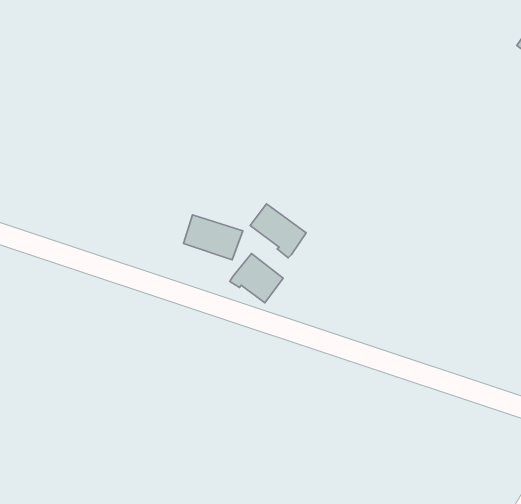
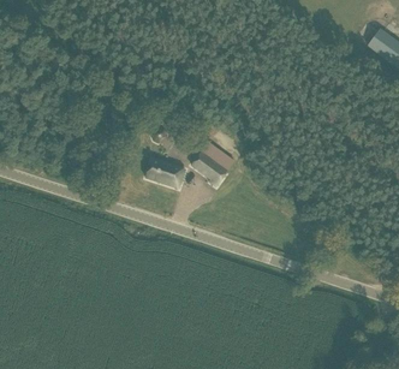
building: [230,254,283,303] -> none

